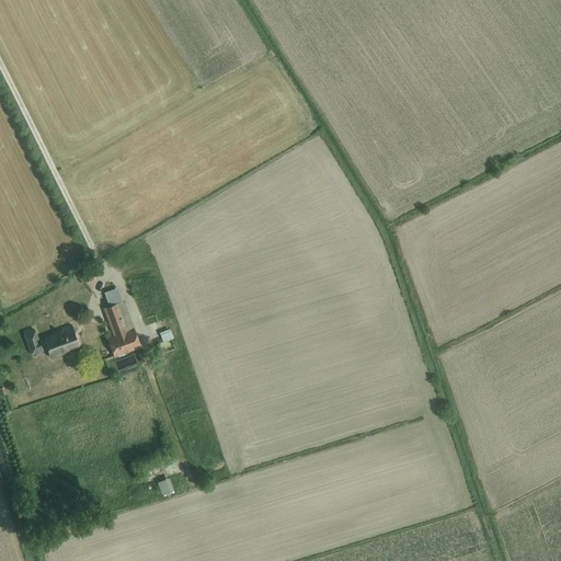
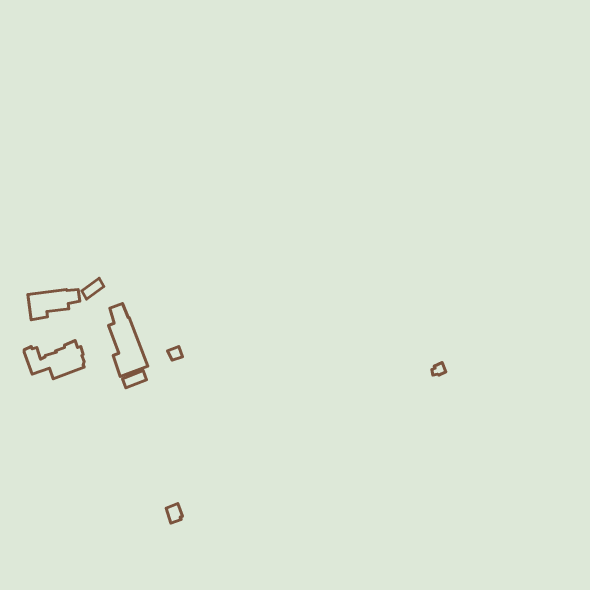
building: none -> [28,290,80,320]

